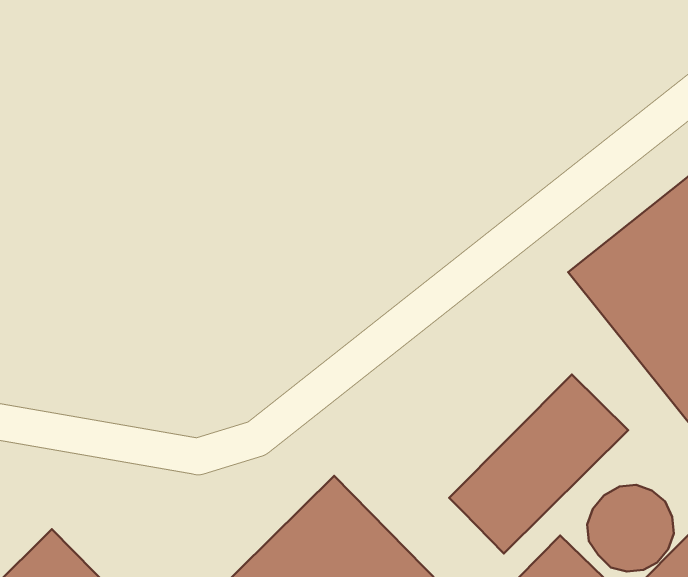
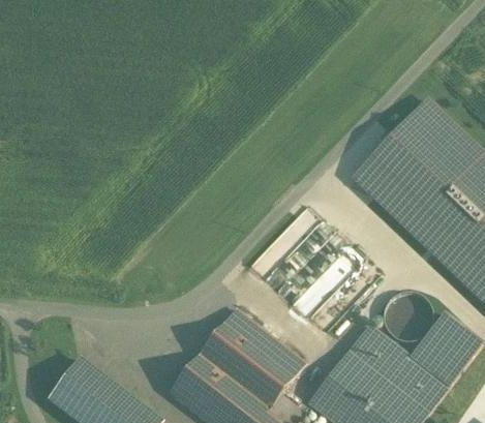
building: [449,375,628,554] -> none

